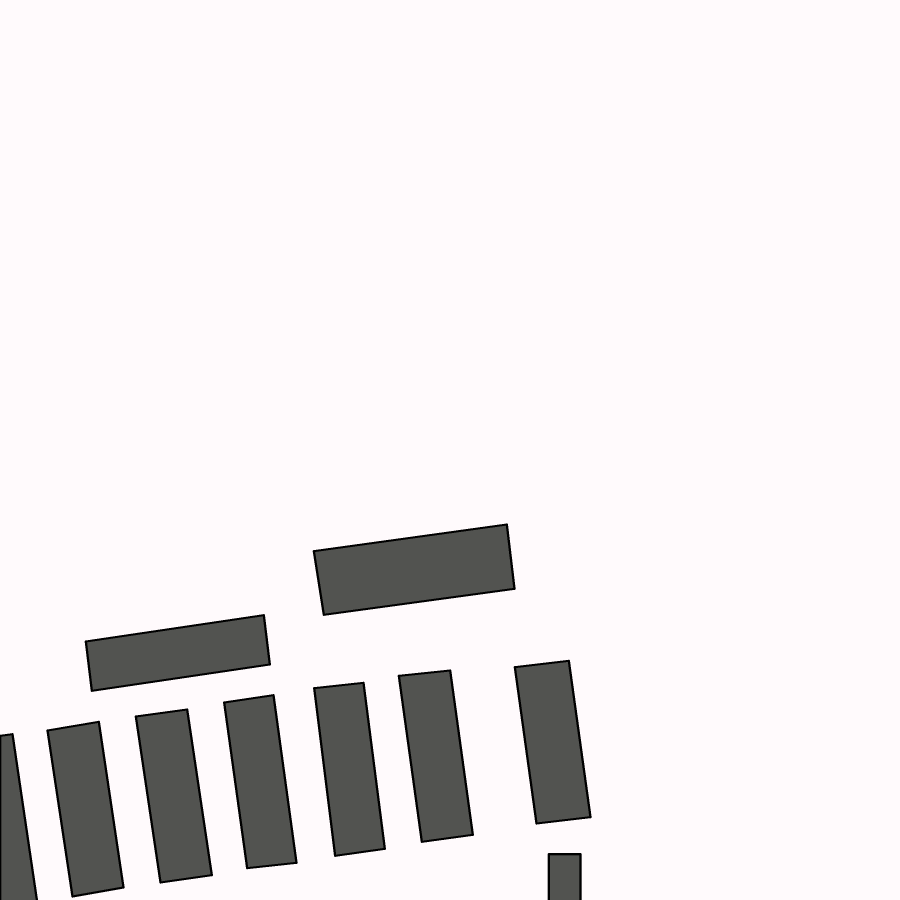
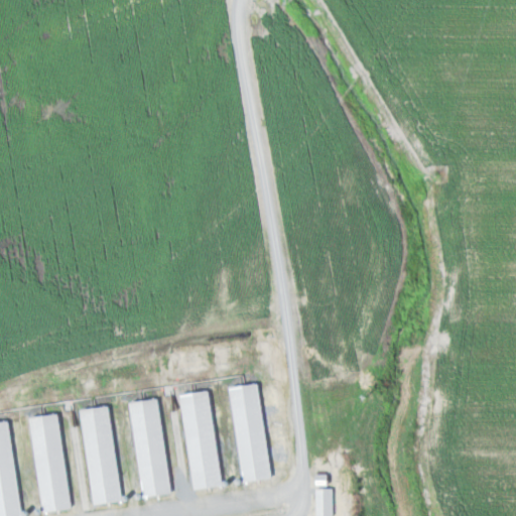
building: [314,525,515,615] -> none
building: [86,615,270,691] -> none
building: [515,661,590,824] -> none

